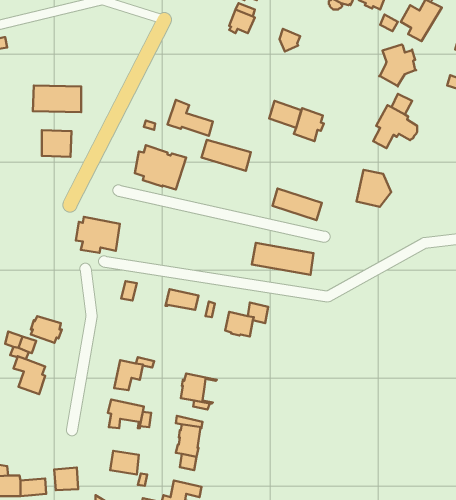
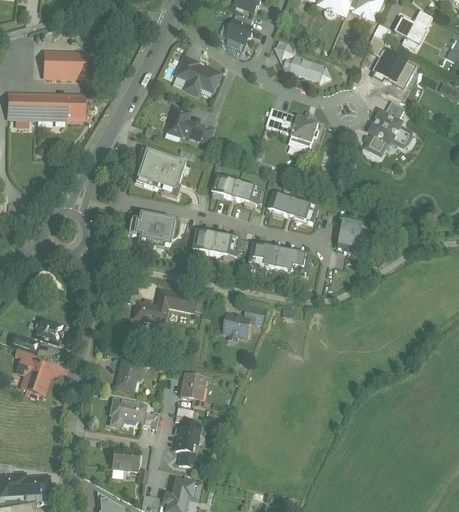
building: none -> [44,50,84,76]
building: none -> [281,53,330,81]
building: none -> [177,55,220,92]
building: [42,130,71,157] -> [8,91,37,117]
building: [202,140,251,171] -> [213,175,261,205]
building: [356,170,391,207] -> [337,216,371,252]
building: [76,217,120,253] -> [131,211,174,246]
building: none -> [196,231,239,261]
building: none -> [133,288,169,322]
building: [54,468,78,490] -> none

